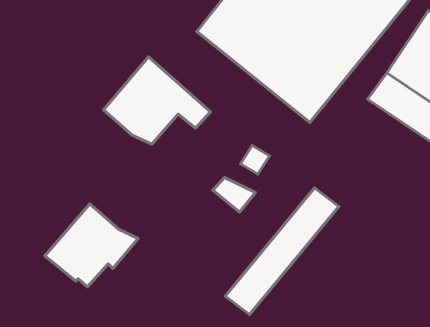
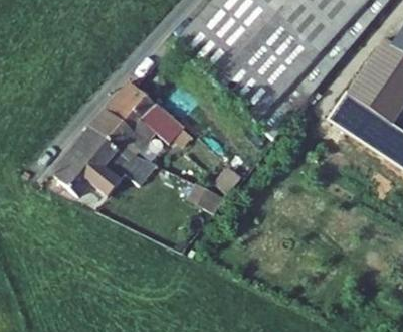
building: [225,188,339,315] -> none
building: [45,204,138,287] -> [57,122,139,194]

